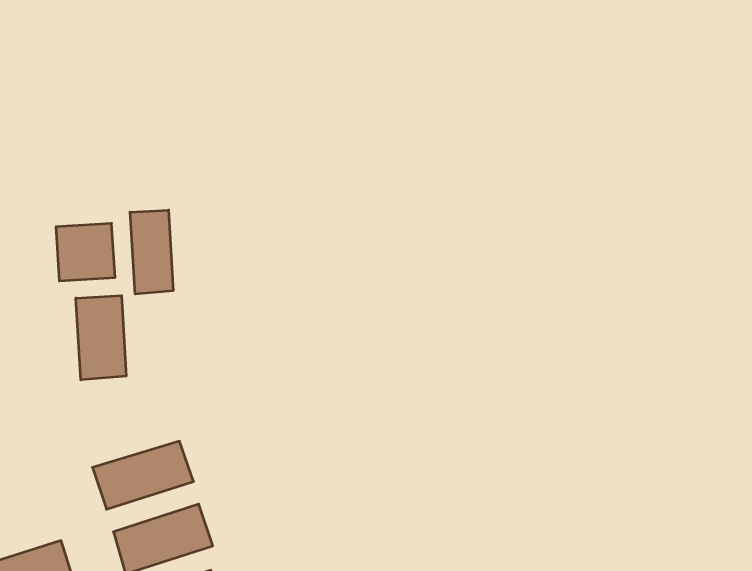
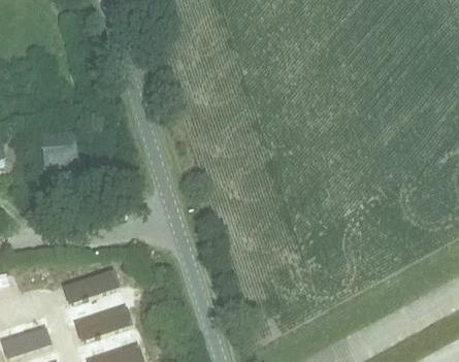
building: [130,210,173,294] -> none
building: [76,296,126,380] -> none

